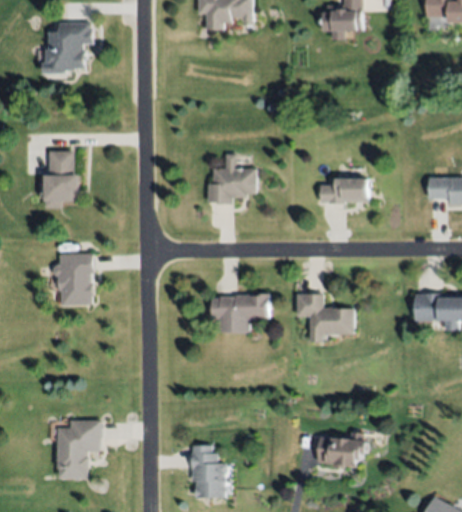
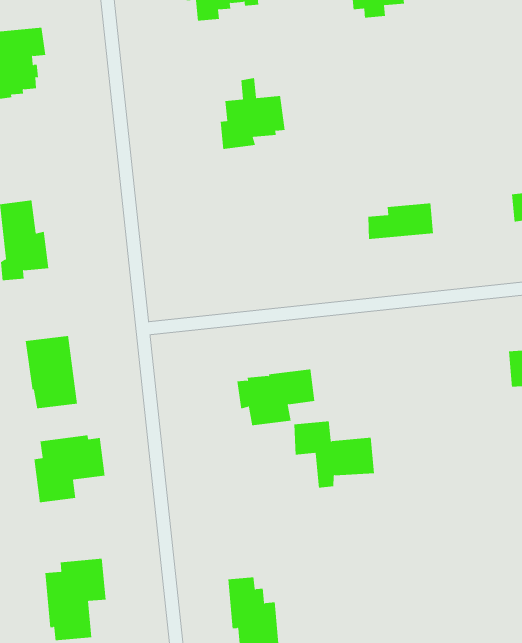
building: [207,153,255,204] -> [220,78,285,150]
building: [296,293,354,342] -> [293,421,375,488]
building: none -> [34,435,105,503]
building: [318,432,368,466] -> none

